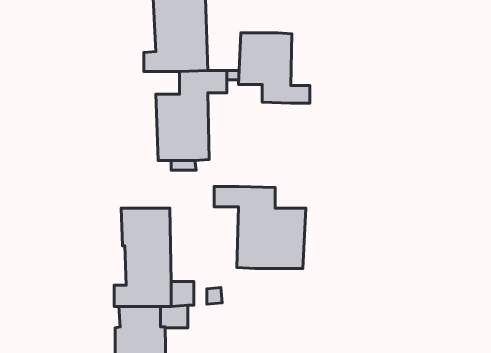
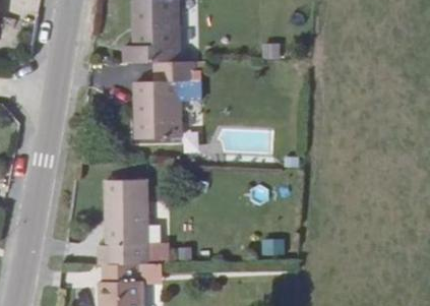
building: [239,33,310,103] -> none
building: [214,186,306,269] -> none

